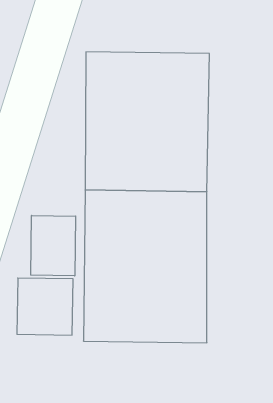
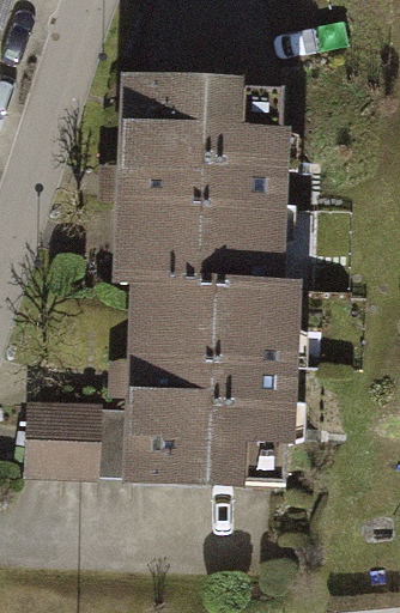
building: [31,215,76,276] -> none

